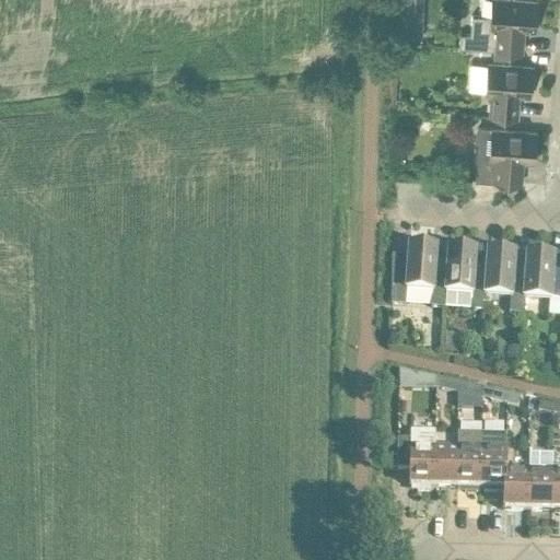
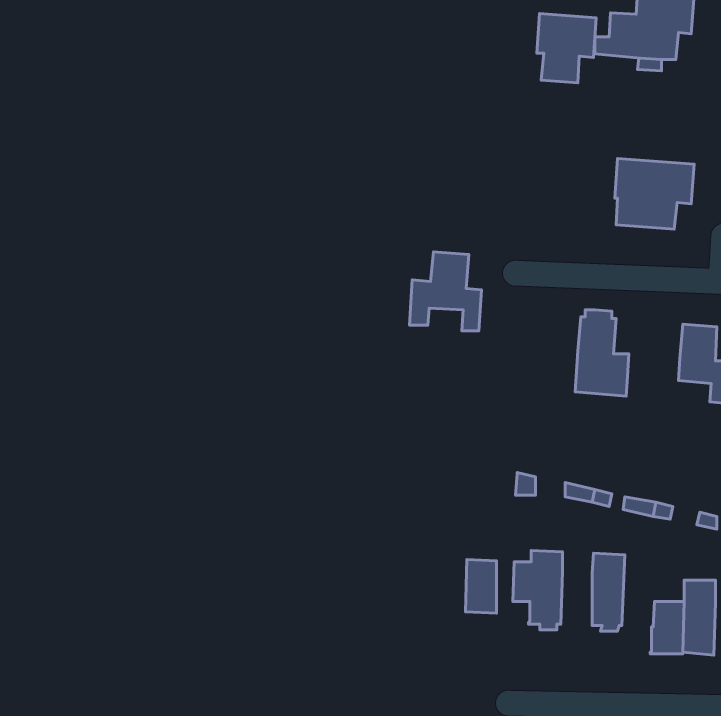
building: [488,58,534,112] -> [537,14,596,83]
building: [393,242,448,303] -> [409,252,482,331]
building: [487,242,527,310] -> none
building: [482,429,509,488] -> none
building: [435,442,459,483] -> [465,559,497,613]

